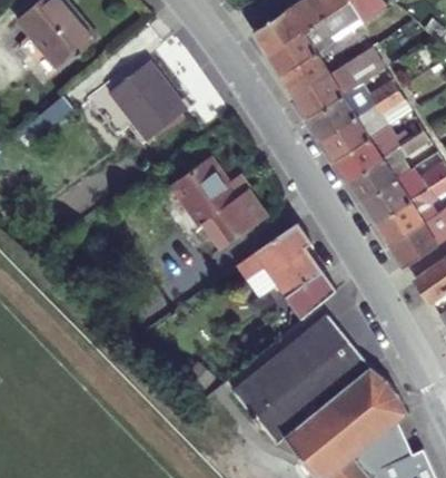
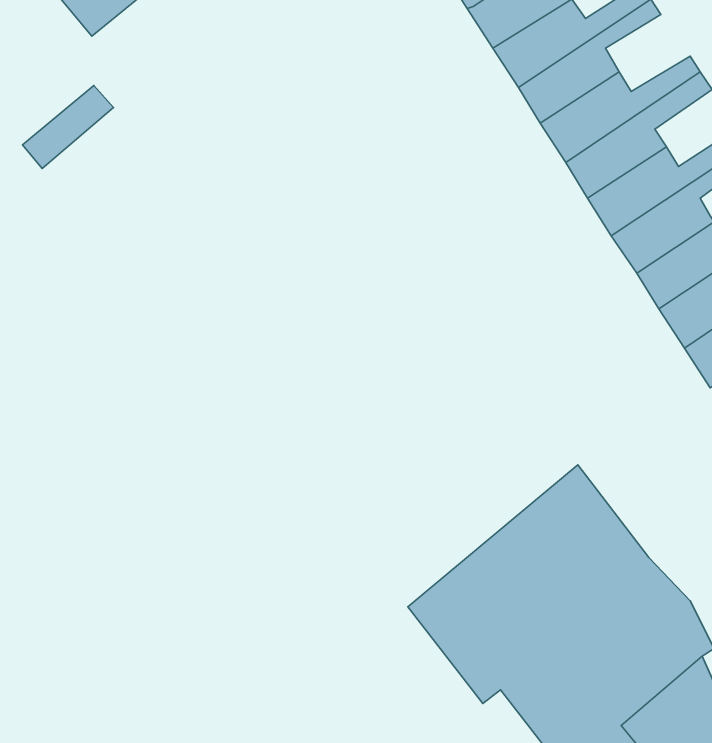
building: [106,62,182,140] -> none
building: [168,155,266,250] -> none
building: [237,222,337,319] -> none

